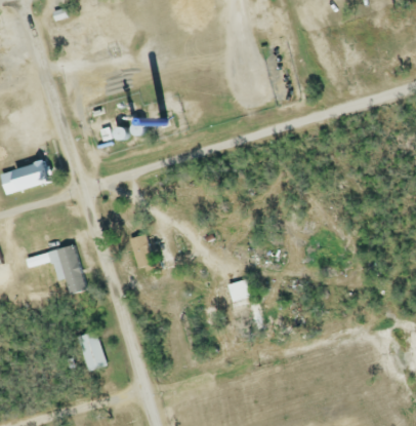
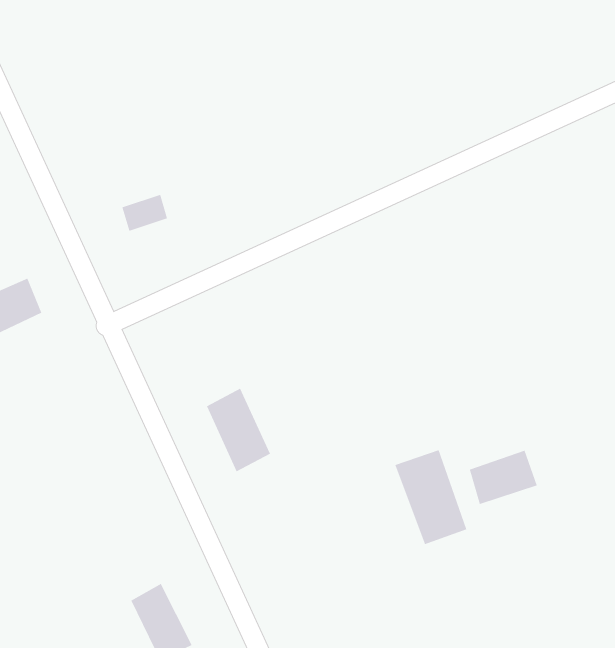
building: [25,244,85,294] -> none
building: none -> [469,450,538,505]

